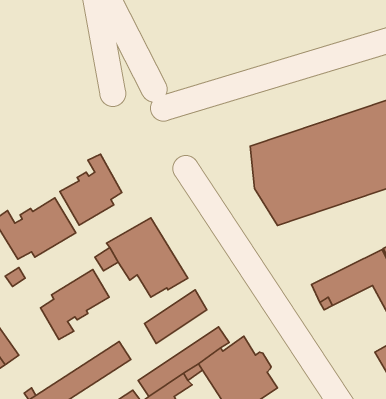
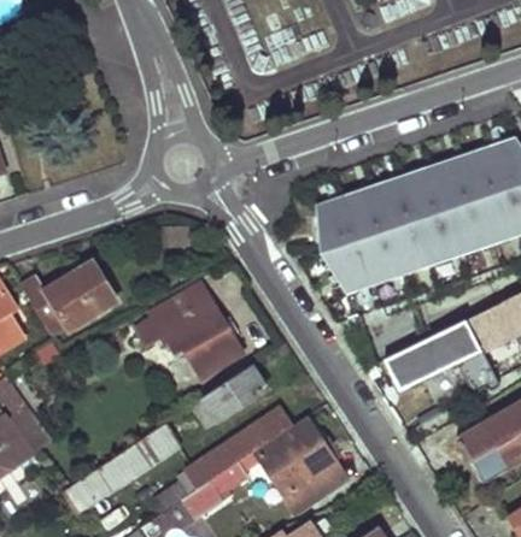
building: [60,154,122,225] -> none
building: [41,269,109,339] -> none

